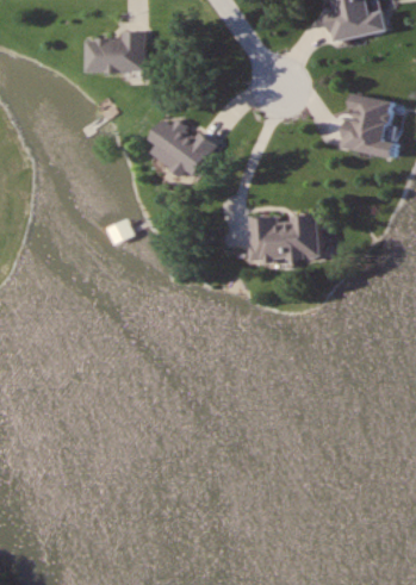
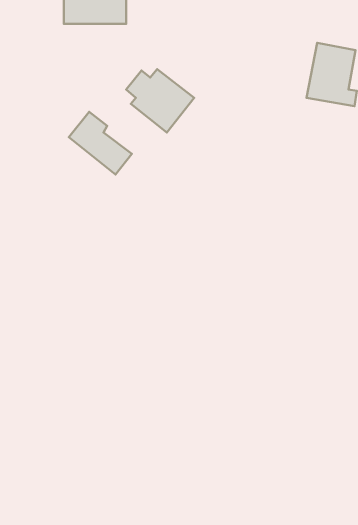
building: none -> [69,112,132,174]
building: [255,213,318,261] -> none

